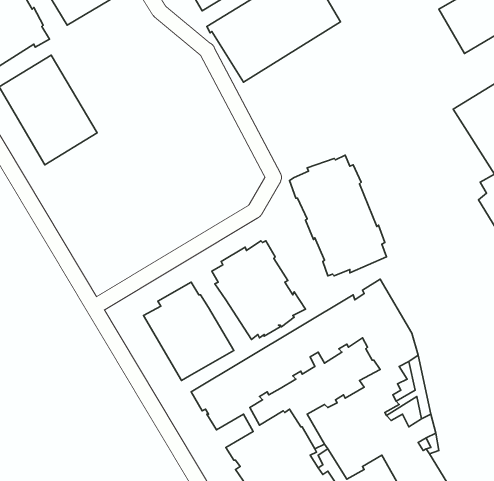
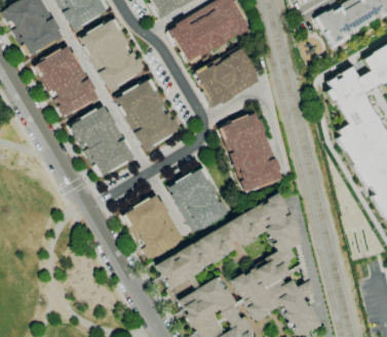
building: none -> [79,19,143,89]
building: none -> [194,43,260,108]
building: none -> [117,80,180,150]
building: none -> [68,107,131,177]

